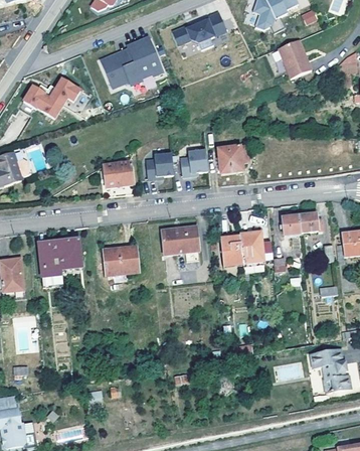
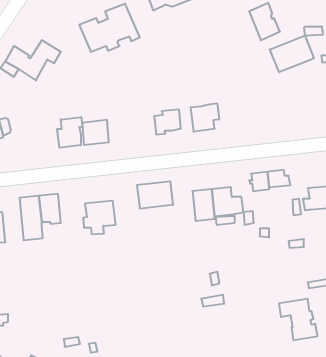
building: none -> [270,35,314,72]
building: [145,153,173,178] -> none
building: none -> [57,117,82,148]

